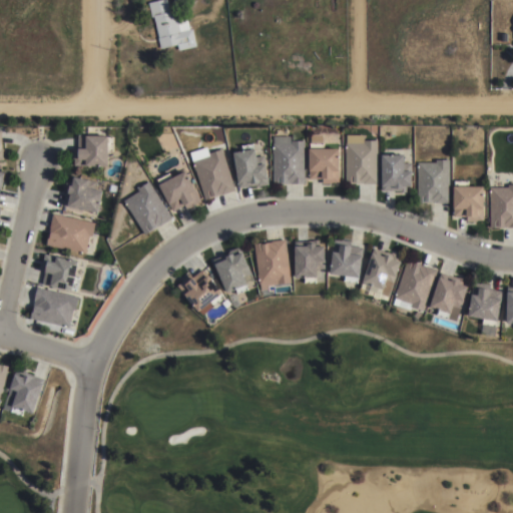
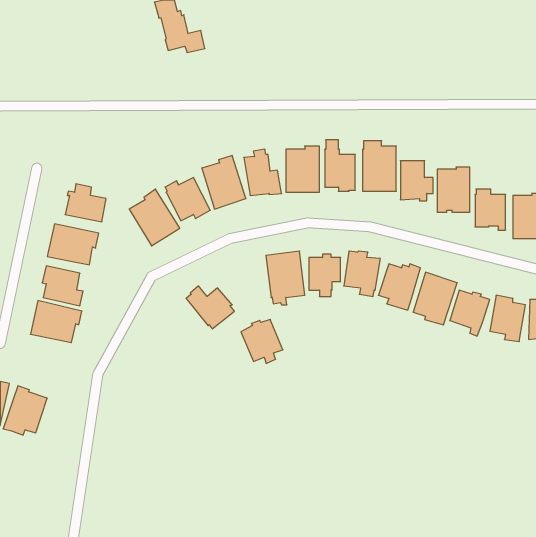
building: [73,134,113,166] -> none
building: [215,251,255,294] -> [241,319,283,363]

